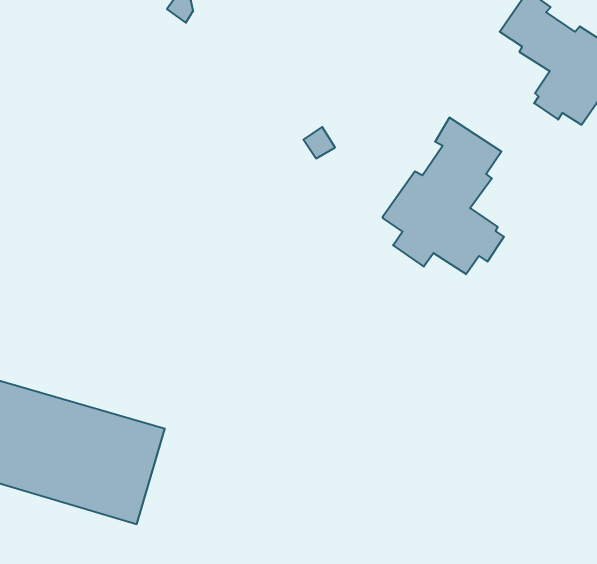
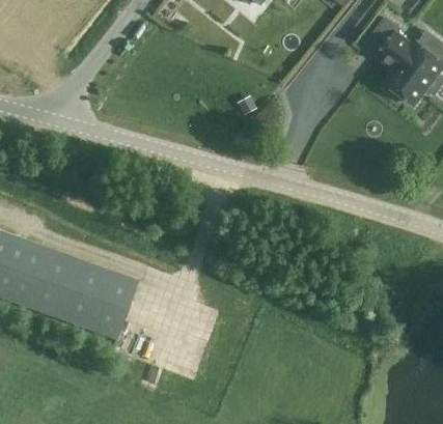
building: [383,117,504,274] -> none

